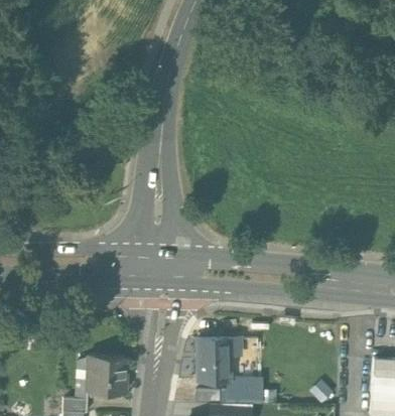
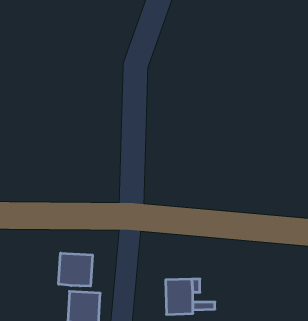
building: none -> [59,253,92,286]

